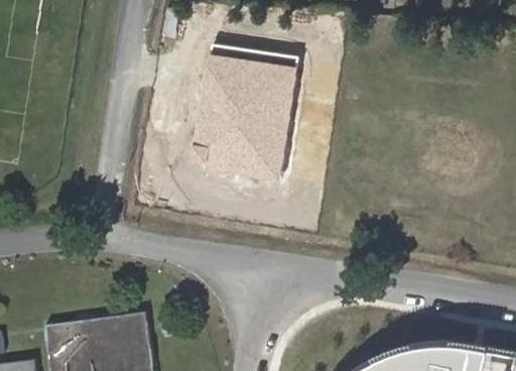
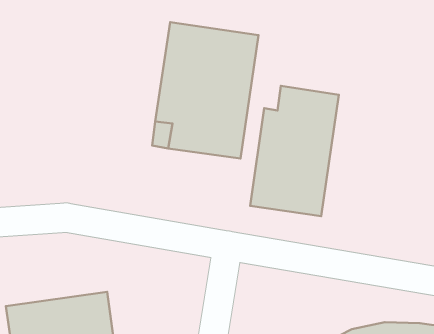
building: none -> [250,86,339,216]

